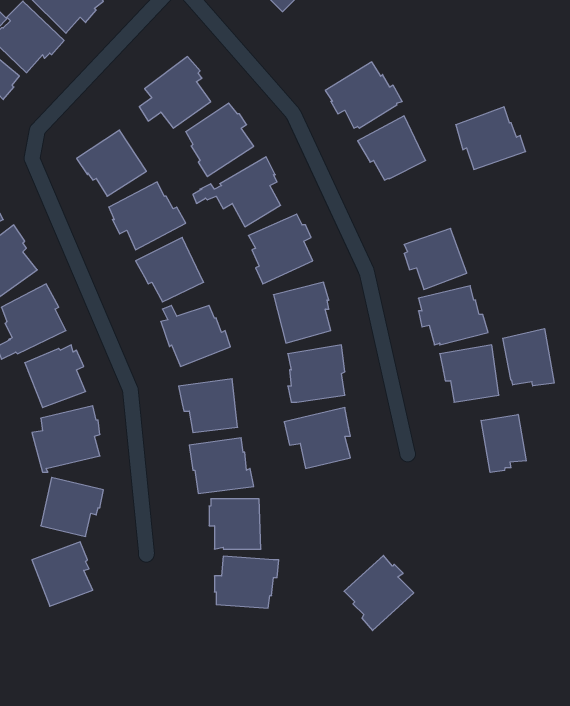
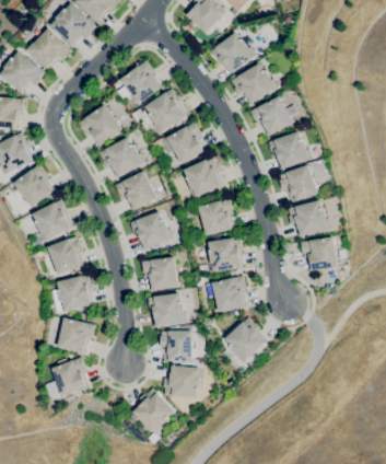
building: none -> [212,33,257,74]
building: [456,107,526,169] -> [270,131,313,170]
building: [503,329,554,386] -> none
building: [481,414,526,472] -> none
building: [344,555,414,631] -> [225,317,268,363]
building: none -> [132,387,175,434]

